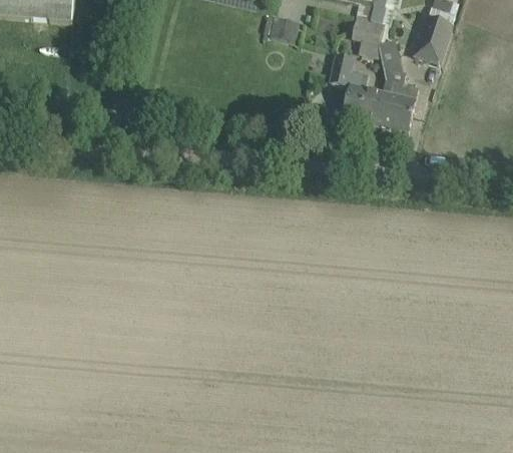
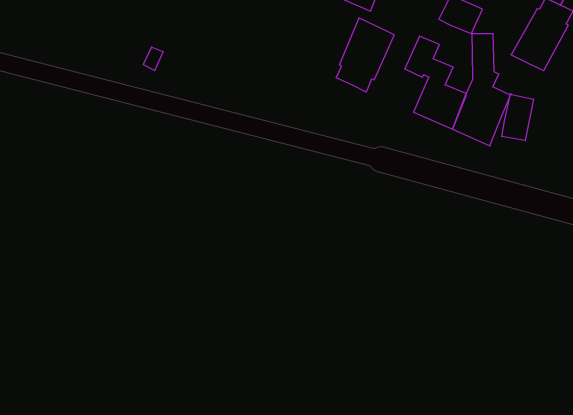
building: none -> [336,18,394,92]
building: none -> [502,94,534,141]

